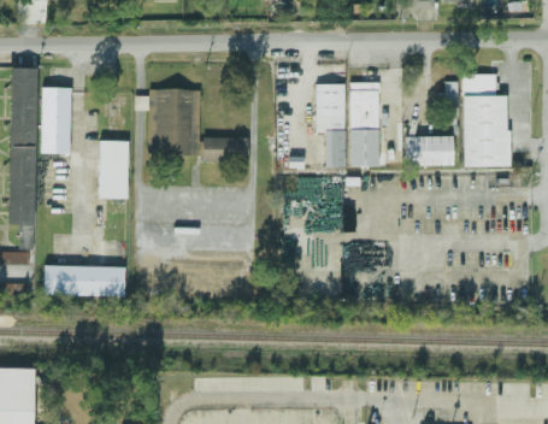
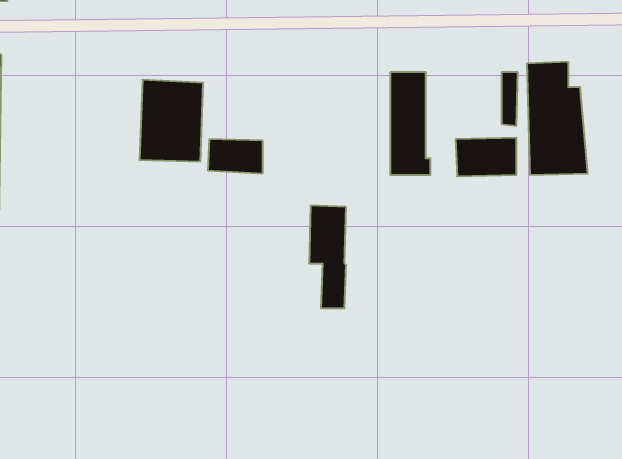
building: [317,84,347,167] -> [309,206,346,308]
building: [42,87,73,154] -> none
building: [100,141,130,200] -> none
building: [46,265,126,296] -> none

